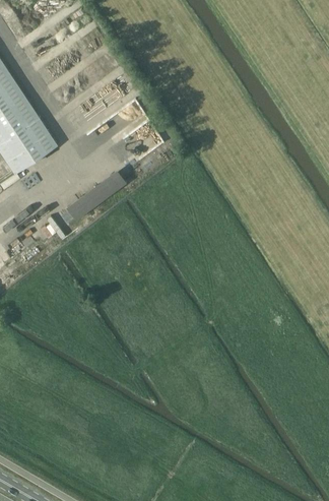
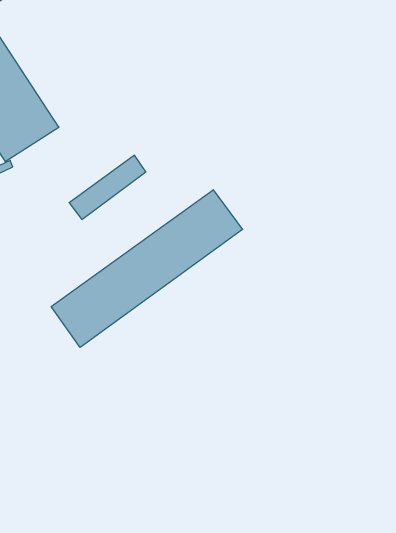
building: none -> [51,190,243,347]

